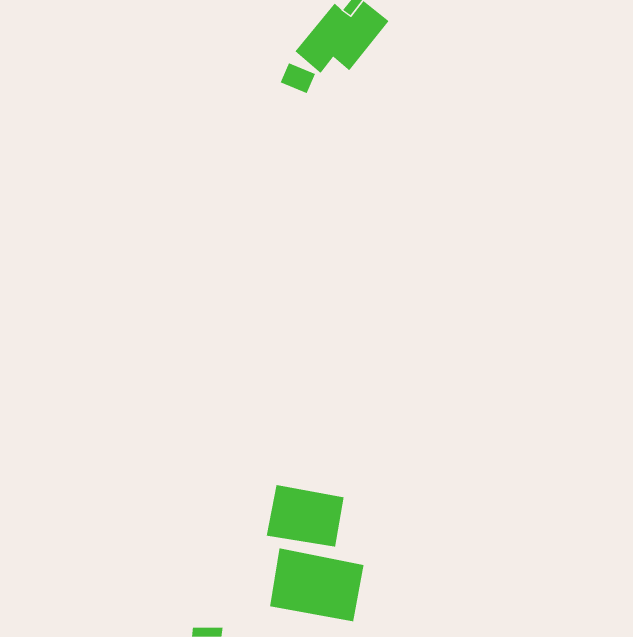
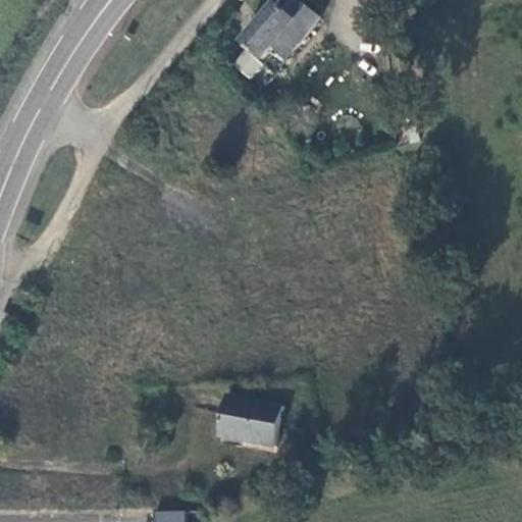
building: [269,547,364,622] -> none

